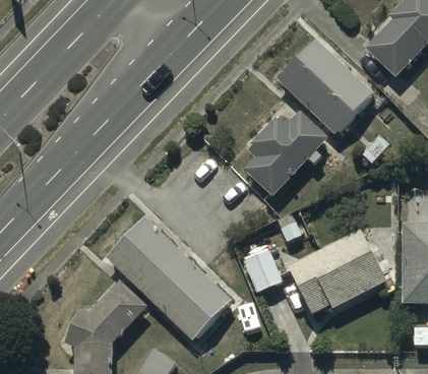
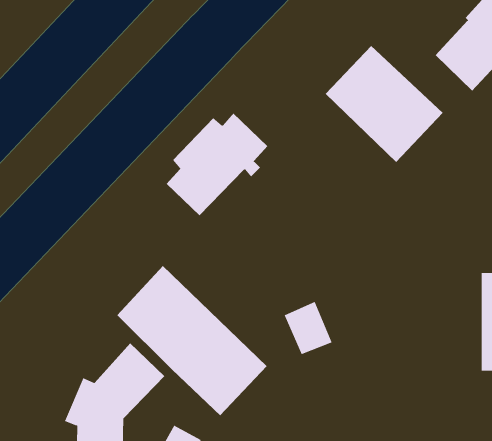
building: [244,111,327,195] -> [166,113,268,216]
building: [289,230,387,315] -> none

